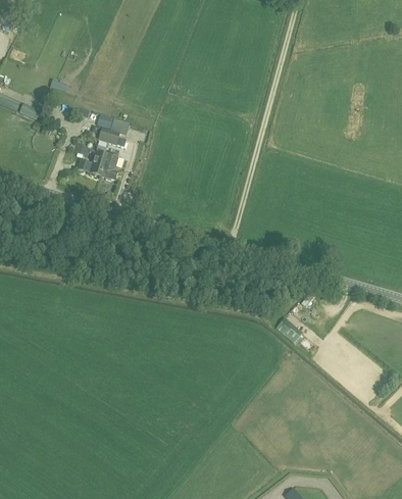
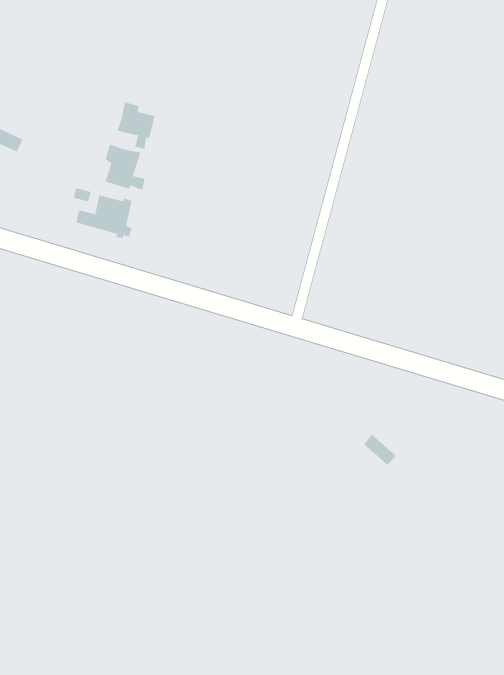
building: none -> [117,102,155,150]

